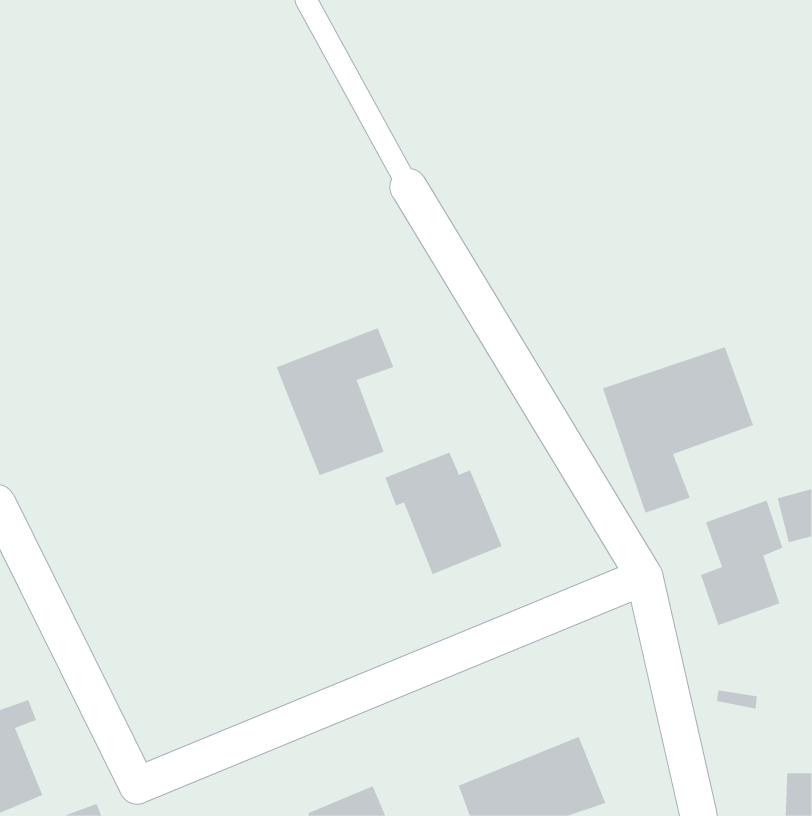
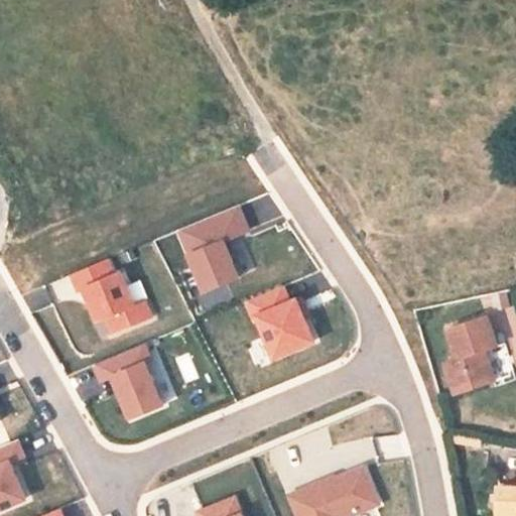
building: [602,346,754,513] -> none
building: none -> [69,257,152,335]
building: none -> [93,342,165,422]

